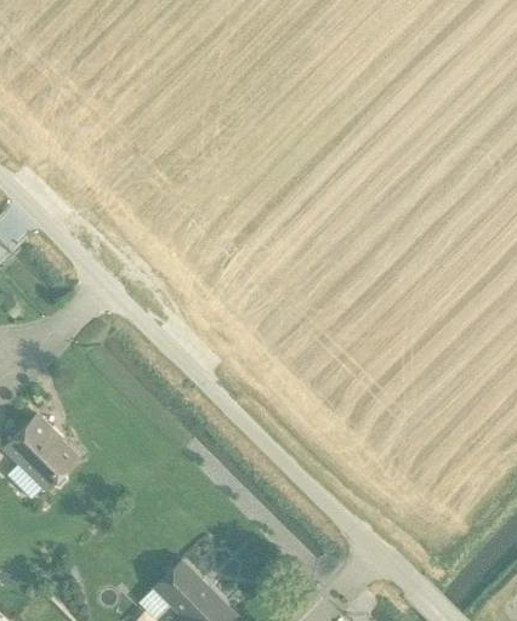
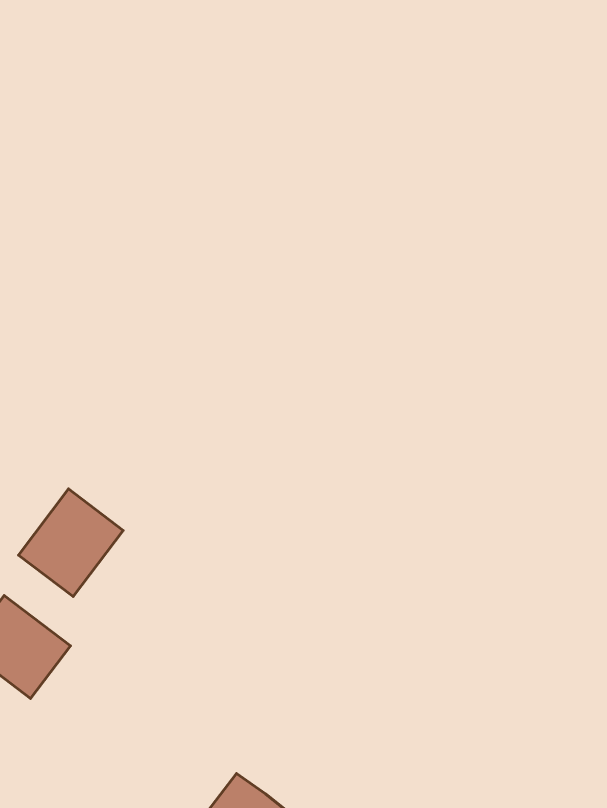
building: none -> [19,489,123,596]

